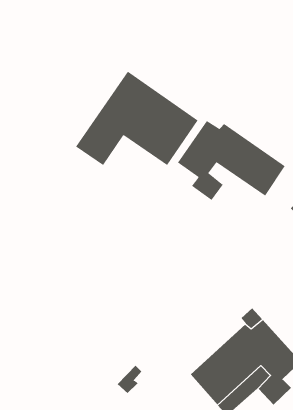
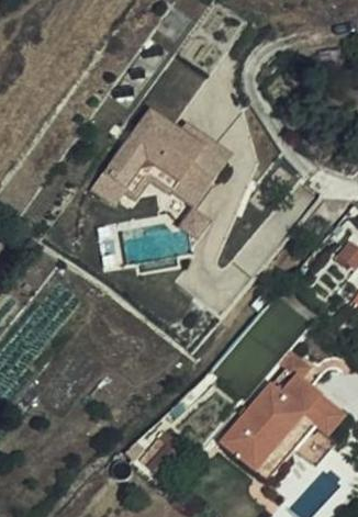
building: [177,120,285,201] -> none

